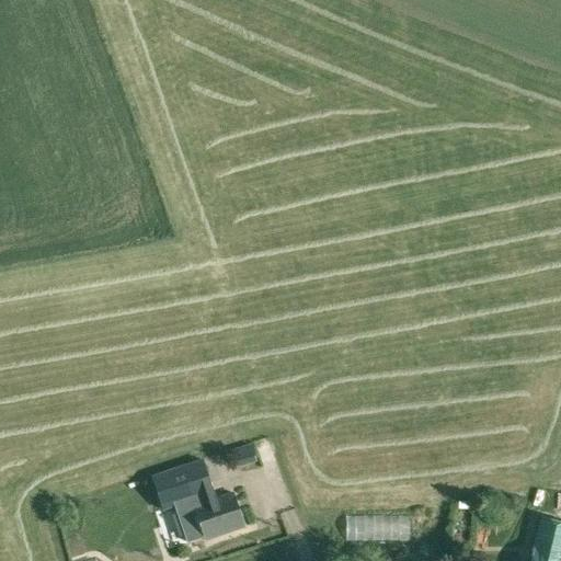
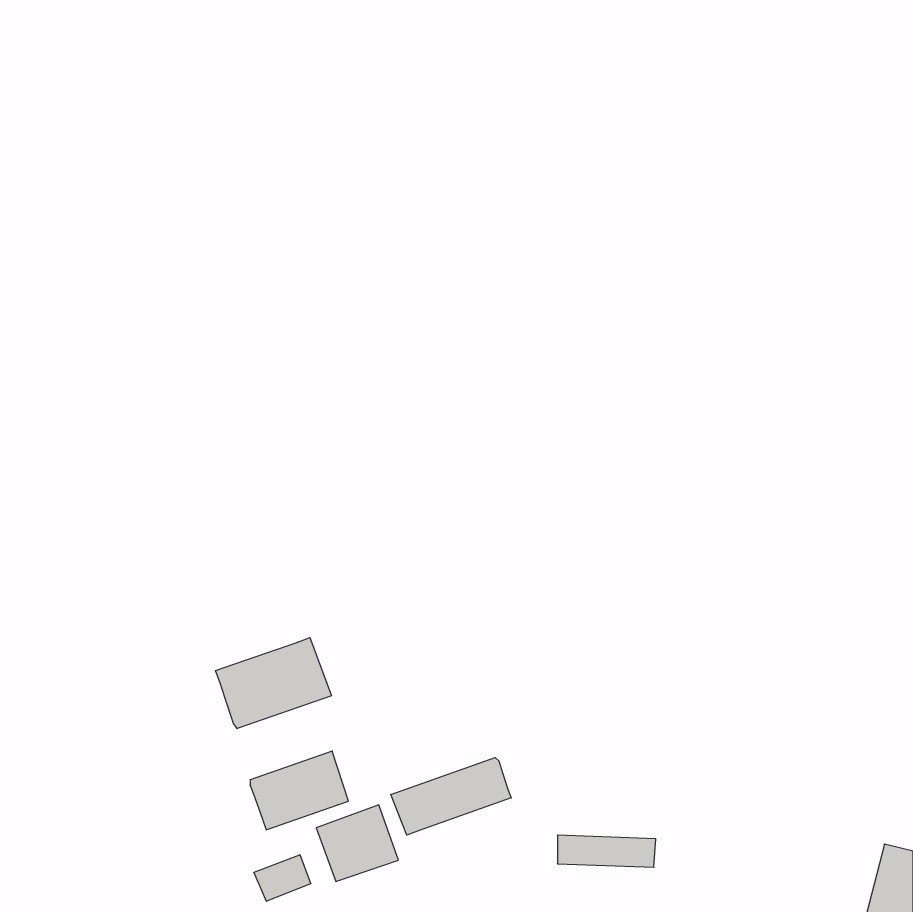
building: none -> [216,638,332,729]
building: none -> [391,758,511,835]

